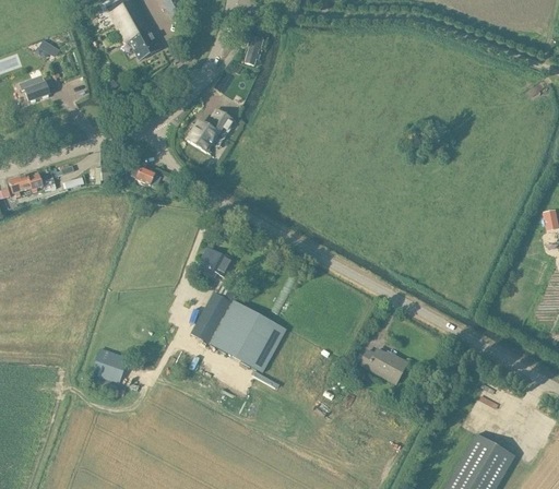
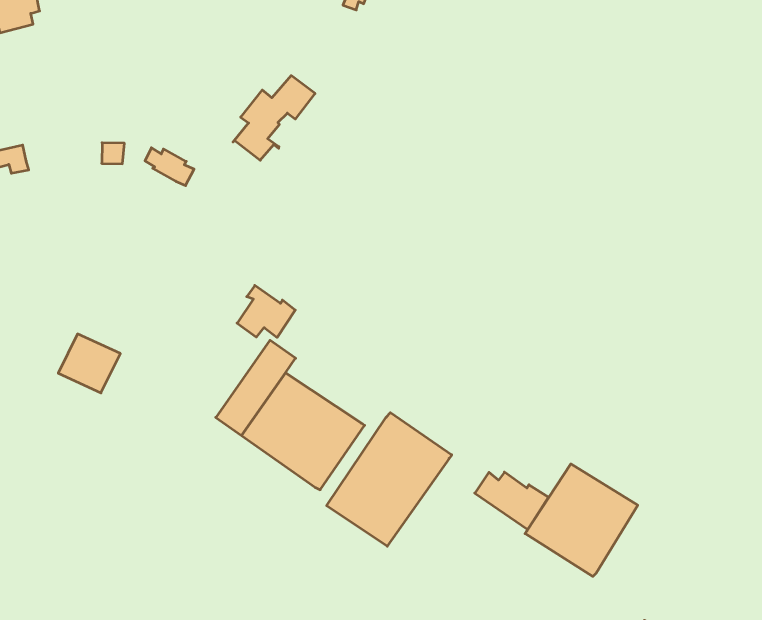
building: none -> [327,413,452,546]
building: none -> [525,464,638,576]
building: [91,347,129,383] -> [58,334,120,393]

